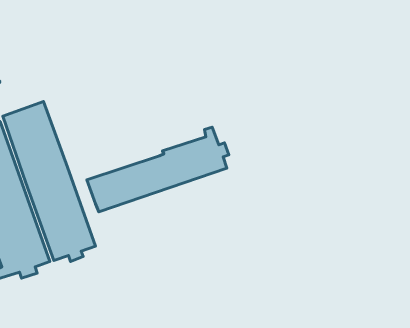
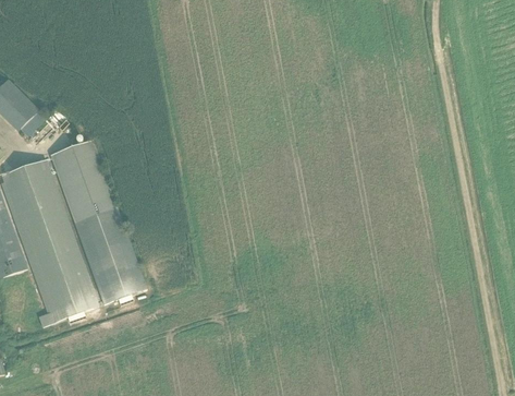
building: [87,127,229,212] -> none

